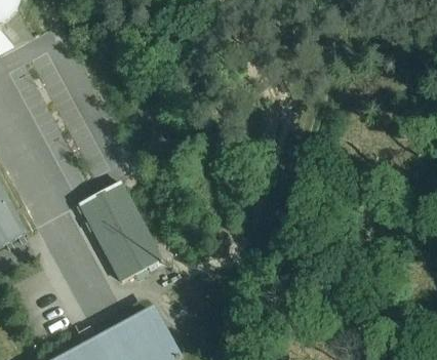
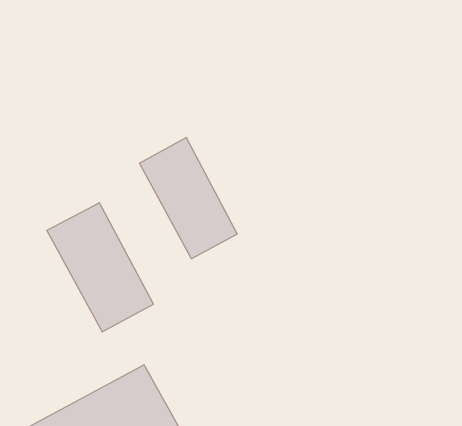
building: none -> [140,137,237,259]

